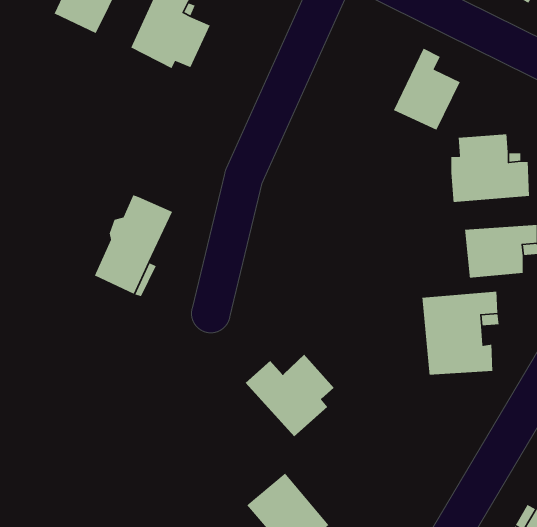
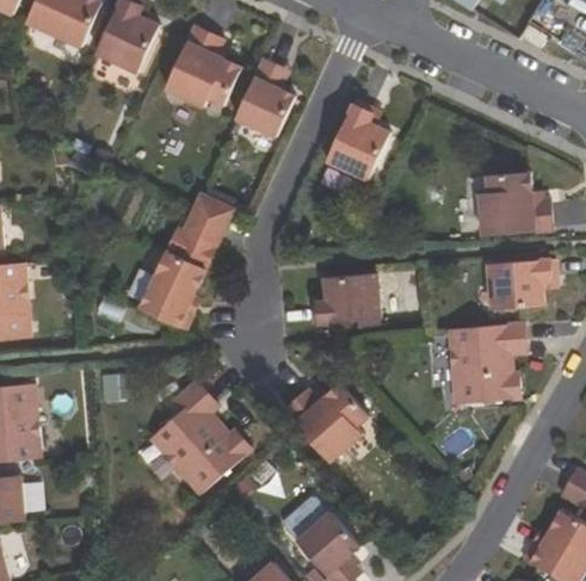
building: none -> [232,57,289,134]
building: [393,48,461,131] -> [323,94,388,173]
building: none -> [179,192,229,246]
building: none -> [308,273,376,322]
building: none -> [148,379,248,492]

